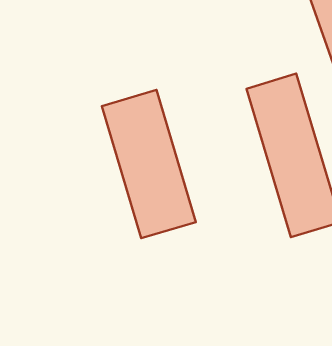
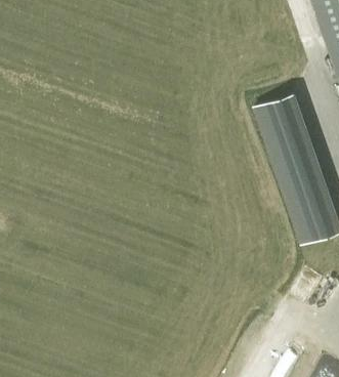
building: [102,90,196,238] -> none

